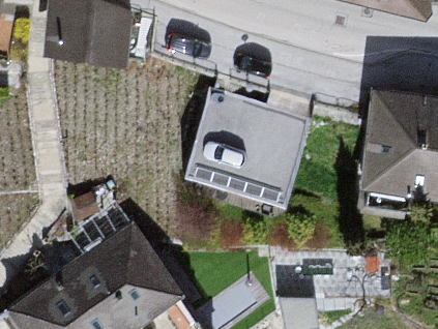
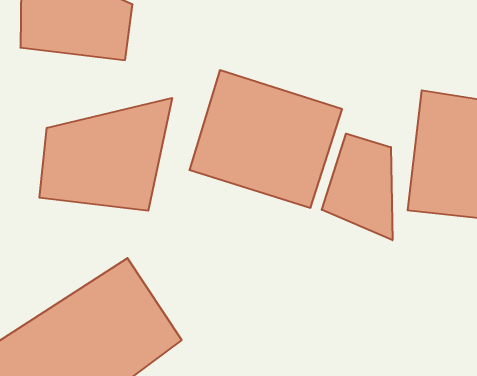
building: none -> [39,98,172,211]
building: none -> [322,134,392,240]

